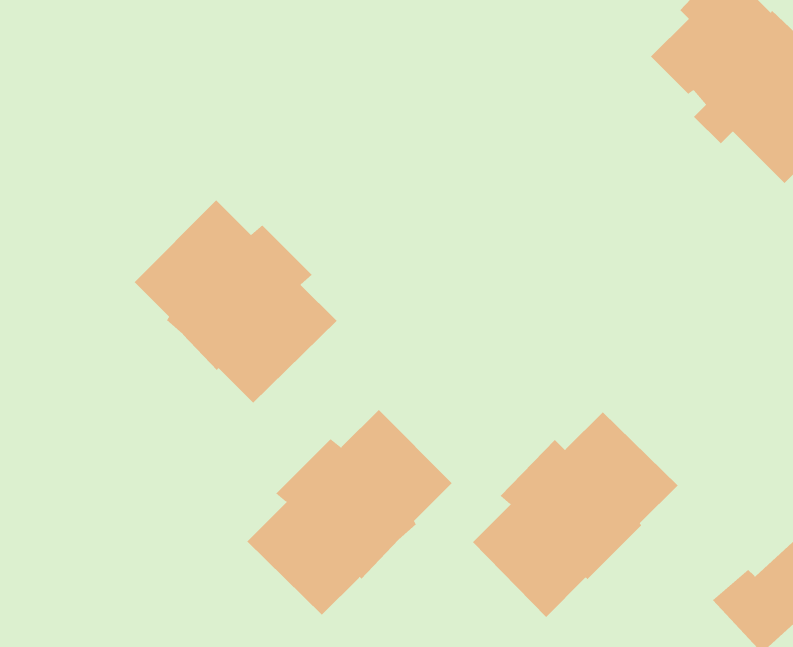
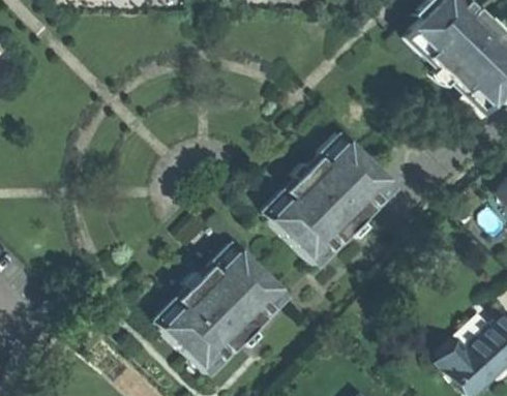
building: [134,200,337,404] -> none
building: [472,411,678,618] -> [271,140,395,264]

